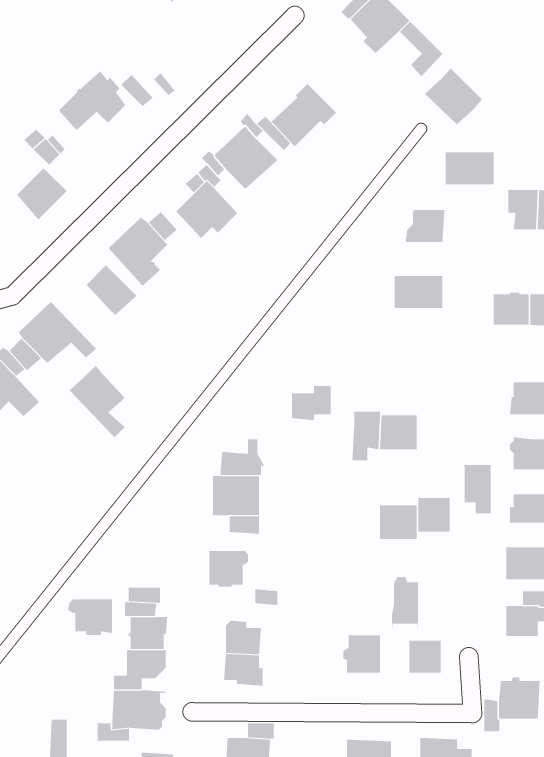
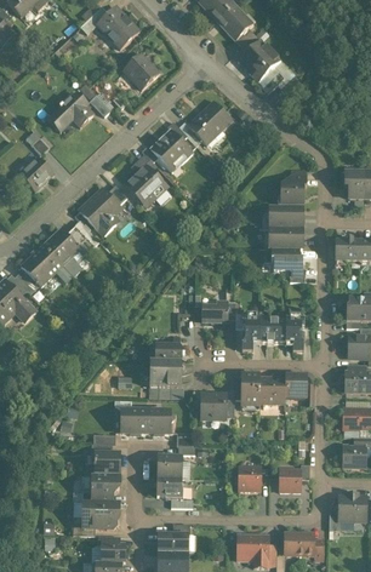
building: none -> [122,53,159,88]
building: [424,67,482,125] -> none
building: [445,152,494,185] -> [269,206,302,228]
building: none -> [272,250,304,281]
building: [69,365,126,438] -> [42,228,80,276]
building: [464,465,491,514] -> [285,318,303,350]
building: none -> [201,394,226,419]
building: [391,576,419,630] -> [241,373,259,408]
building: [67,599,113,635] -> [116,410,147,434]

